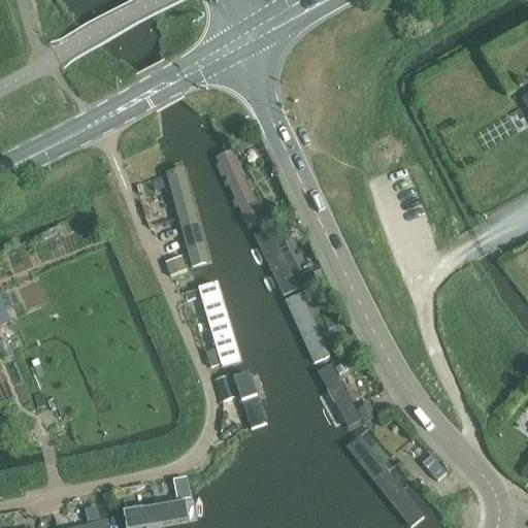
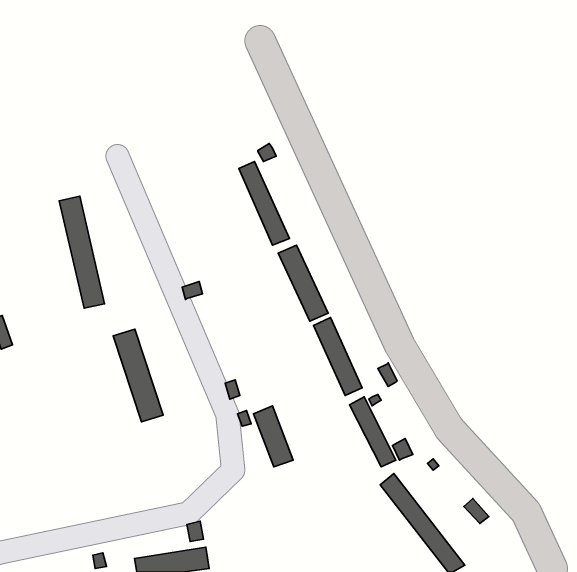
building: [167,167,208,269] -> [59,196,105,308]
building: [199,282,244,366] -> [113,329,163,422]

